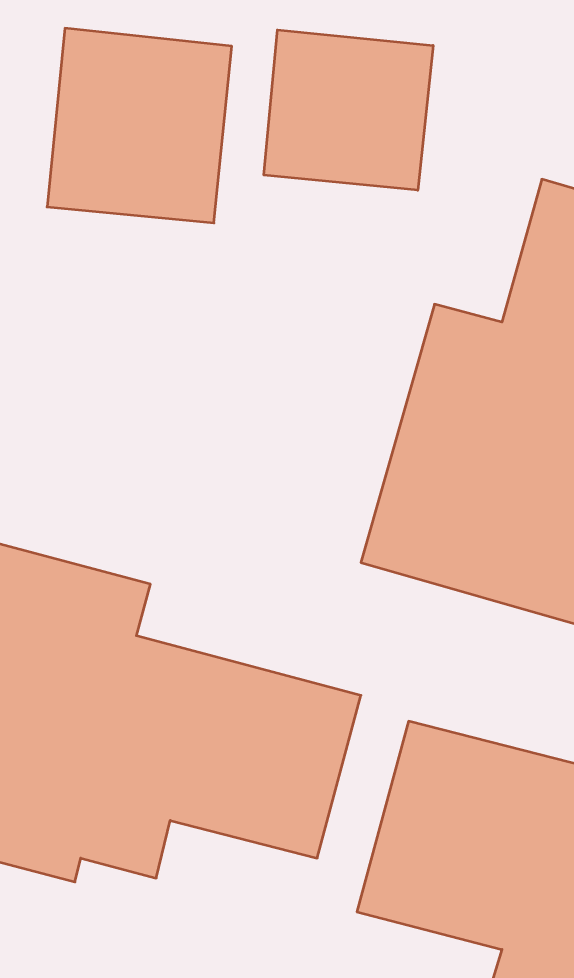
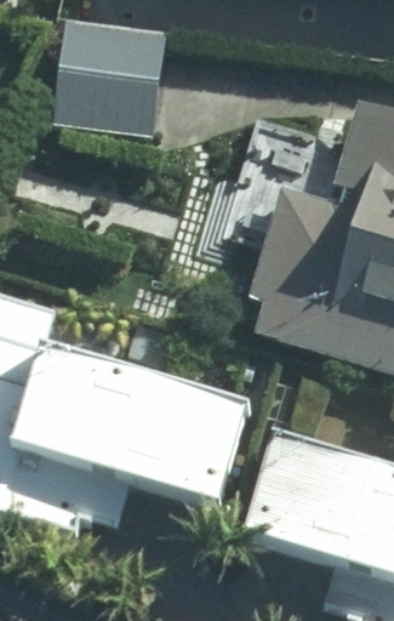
building: [264,30,433,190] -> none

